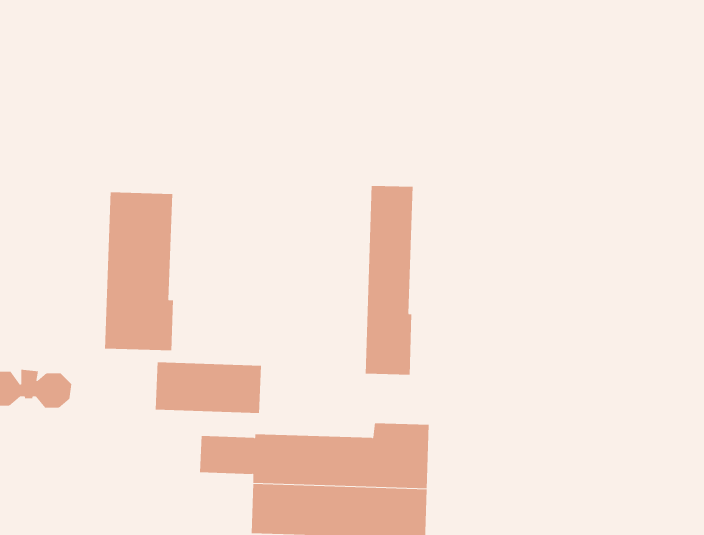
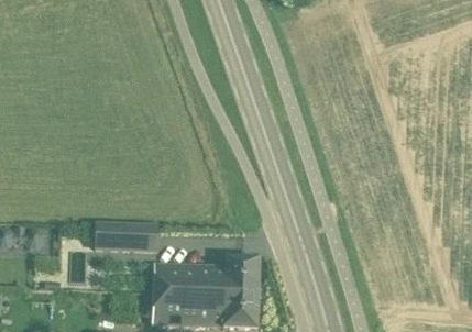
building: [365,185,413,375] -> none
building: [105,191,173,351] -> none

